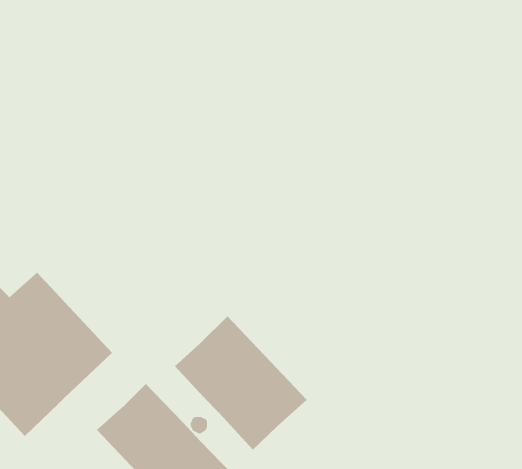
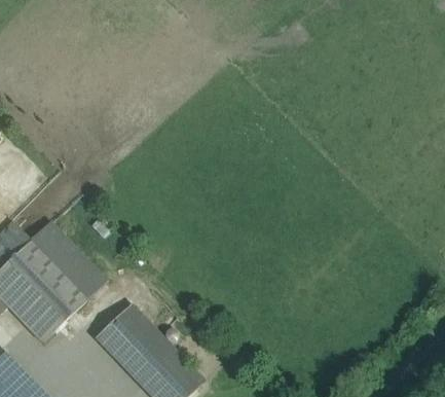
building: [174,315,307,450] -> none

